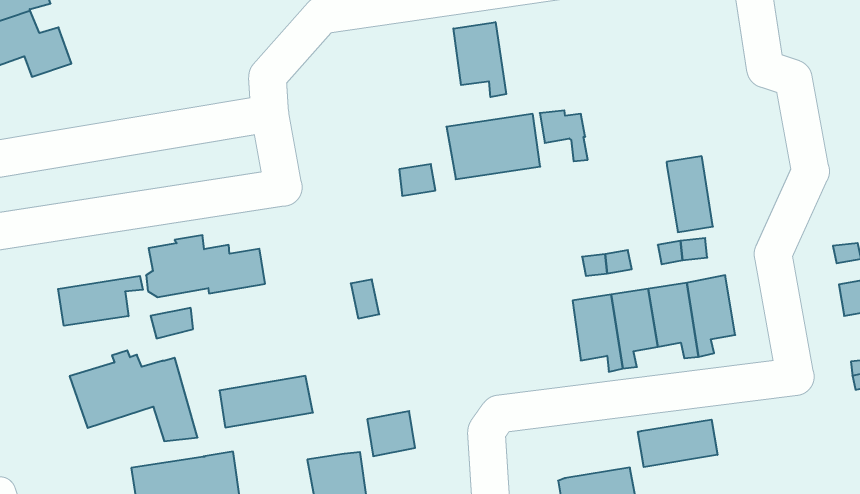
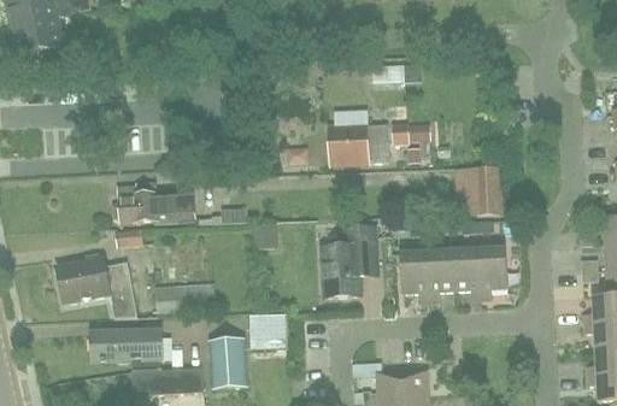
building: [453,22,506,97] -> none
building: none -> [321,225,376,295]
building: [58,276,143,326] -> none
building: [638,420,717,467] -> none

